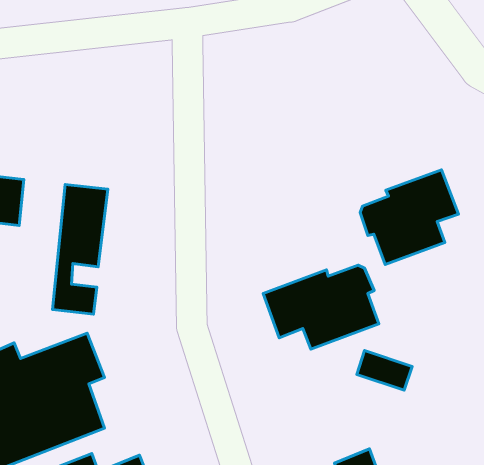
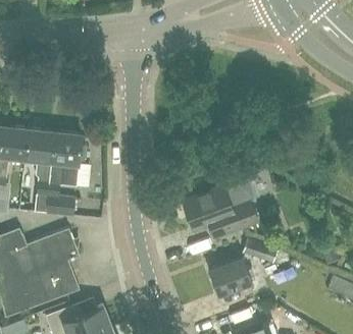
building: [360,170,458,265] -> none
building: none -> [24,129,54,213]
building: none -> [208,259,250,295]

